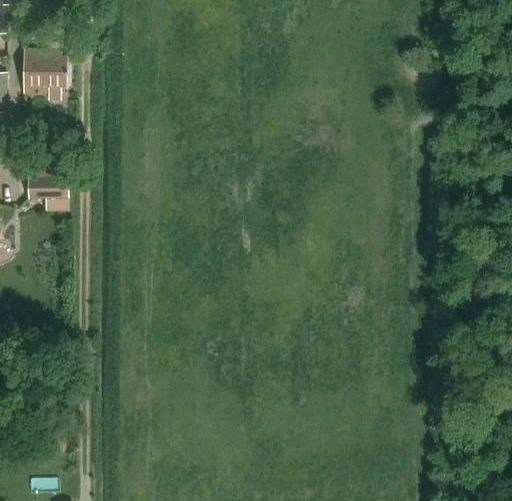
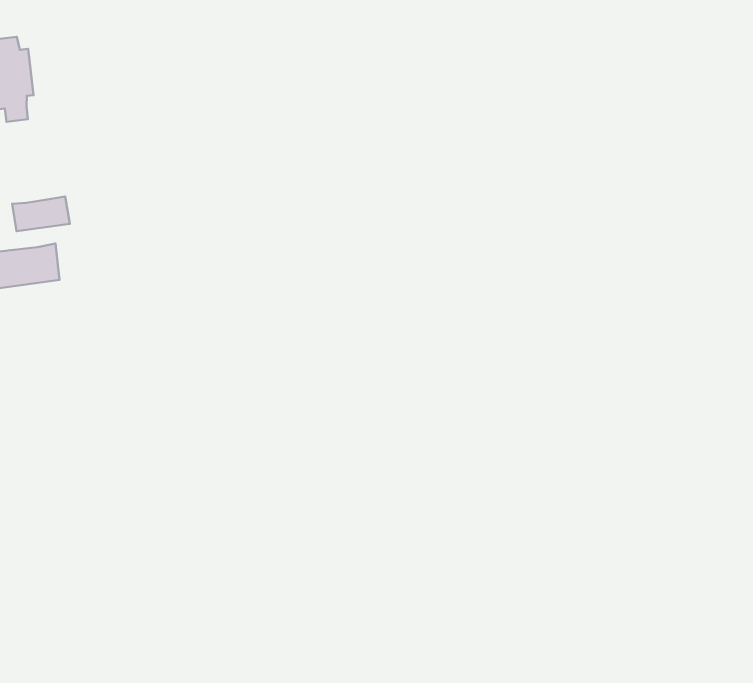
building: none -> [12,196,70,231]

